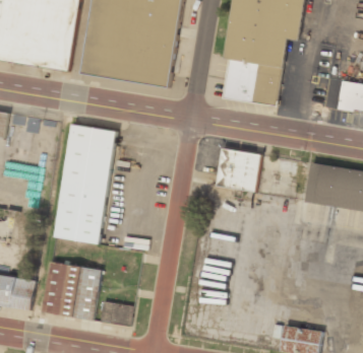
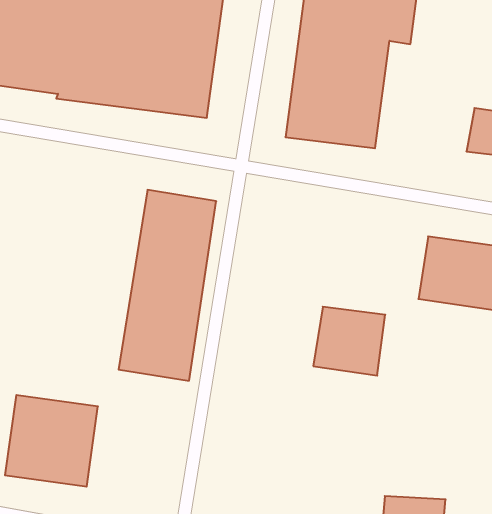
building: [53,124,115,244] -> [119,190,216,381]
building: [214,148,259,192] -> [313,307,385,376]
building: [99,300,131,323] -> none

